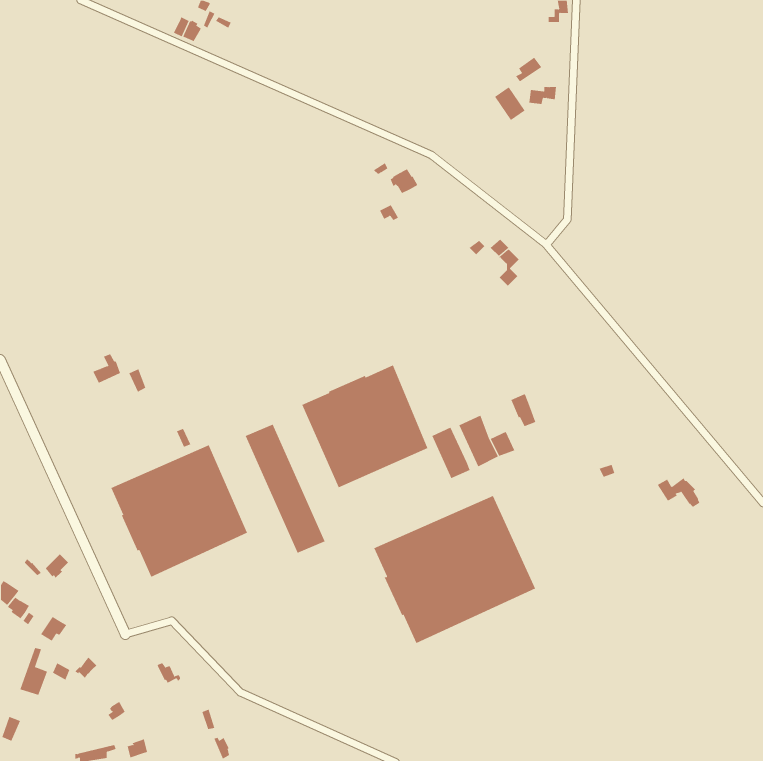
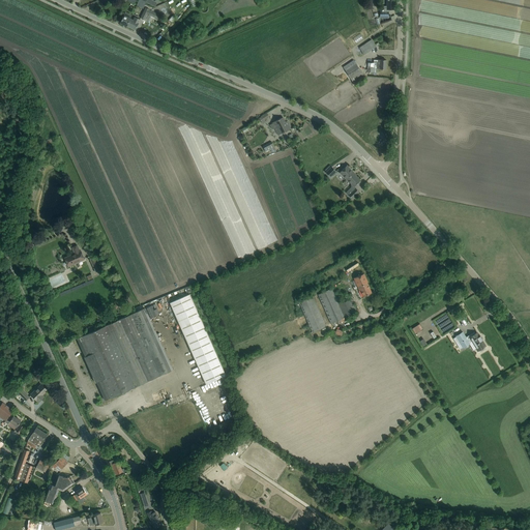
building: [301,365,428,488] -> none
building: [373,495,536,644] -> none
building: none -> [43,476,75,508]

